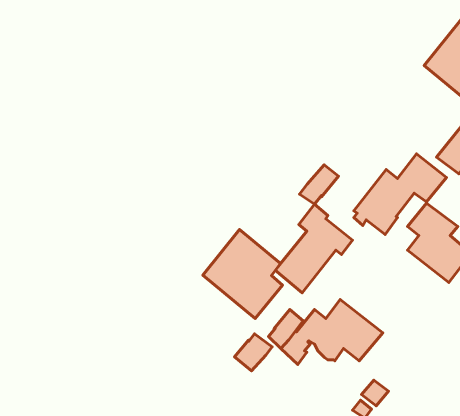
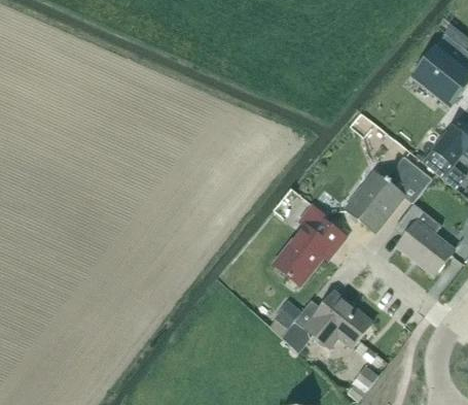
building: [300,165,338,204] -> none
building: [203,230,283,319] -> none
building: [234,334,272,371] -> none

